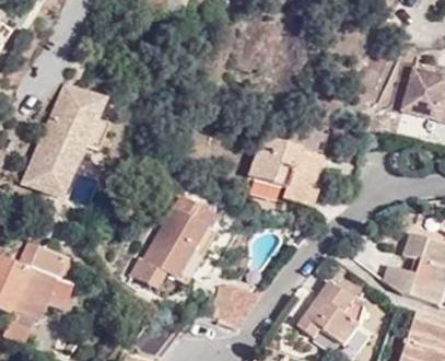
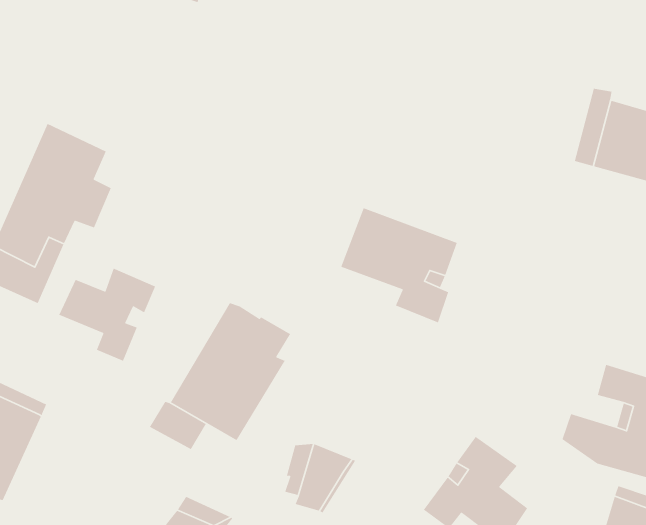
building: none -> [58,267,156,362]

